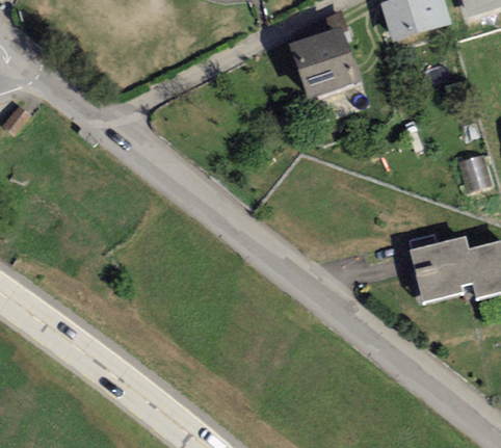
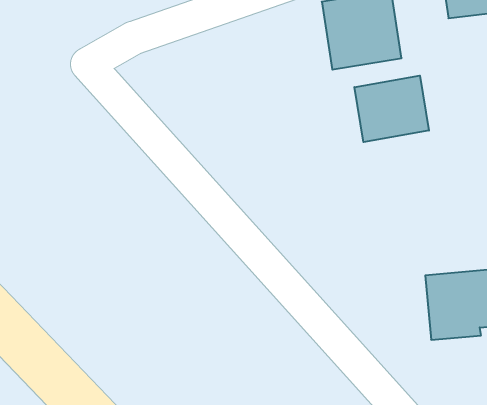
building: none -> [354,76,429,142]

